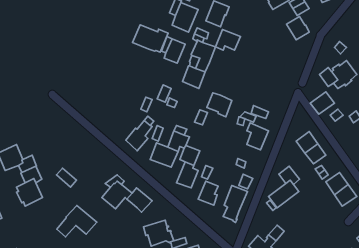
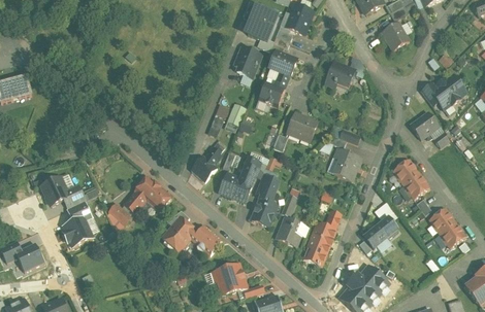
building: [133,25,168,52] -> none
building: [215,29,241,50] -> [325,63,355,88]
building: [57,206,97,237] -> [124,177,171,214]

